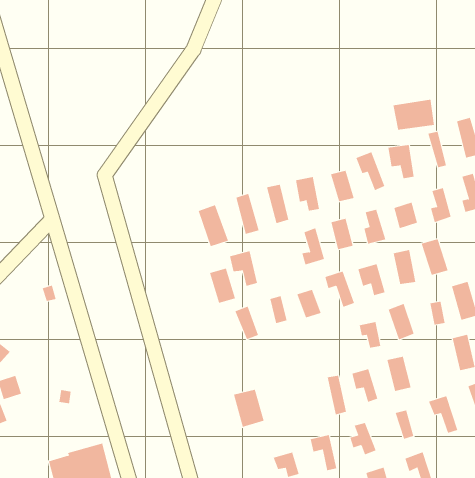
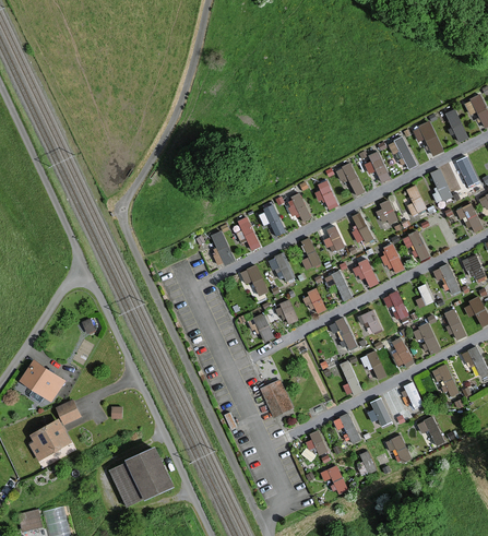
building: [393,99,434,131] -> none
building: [209,268,236,303] -> [269,252,295,284]
building: none -> [329,318,357,350]
building: none -> [413,322,441,356]

